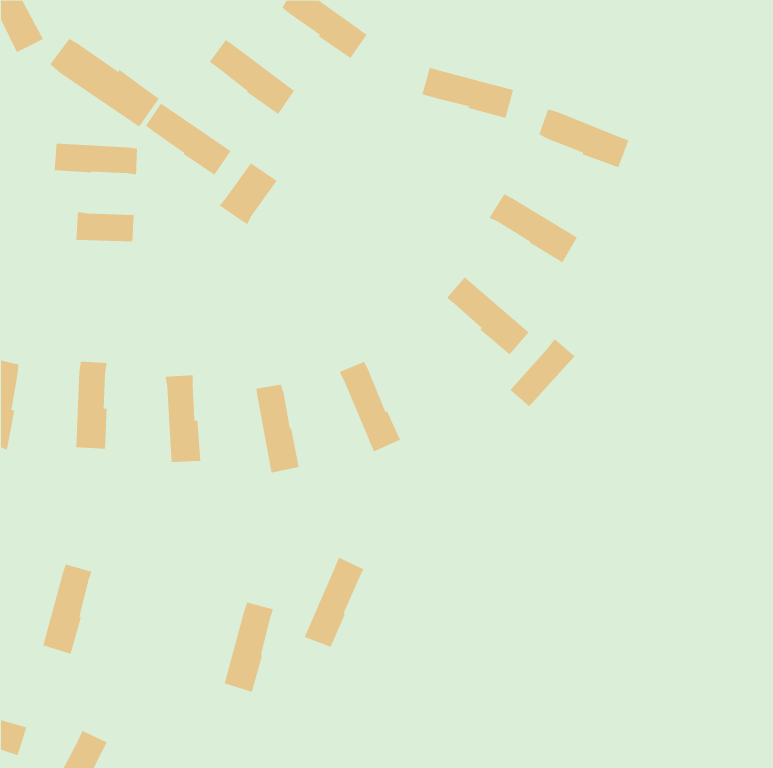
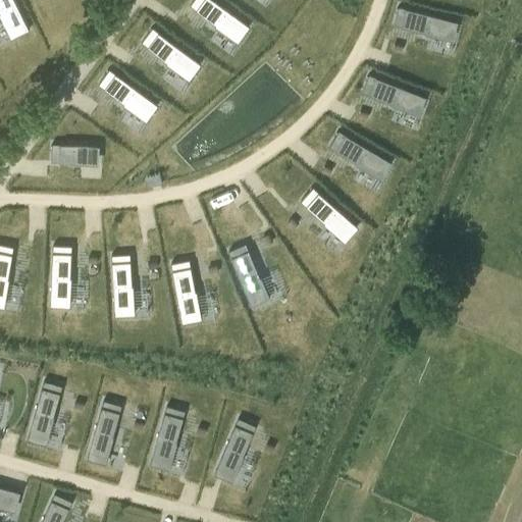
building: [49,38,159,127] -> none
building: [421,67,514,119] -> [394,8,456,43]
building: [54,143,138,175] -> none
building: [219,162,278,225] -> none
building: [509,338,576,407] -> none
building: [304,557,364,648] -> [215,420,256,481]
building: none -> [88,403,122,464]

